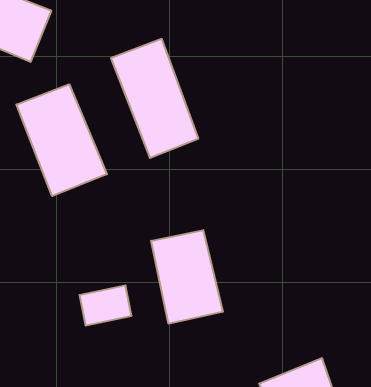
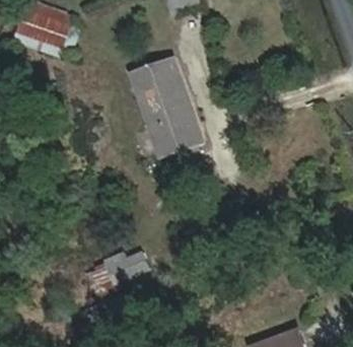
building: [16,84,107,196] -> none
building: [151,230,223,324] -> none

